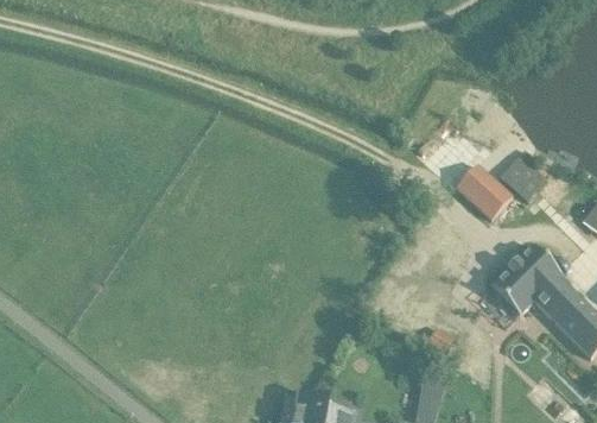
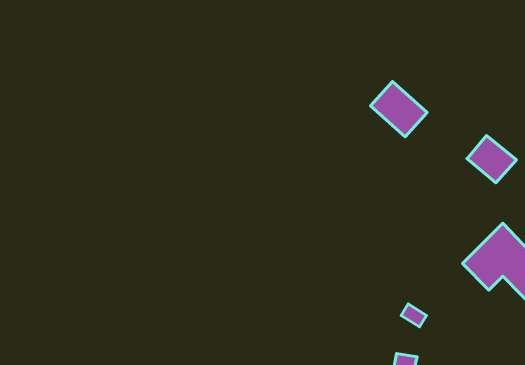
building: [456,162,514,219] -> [370,82,427,137]

